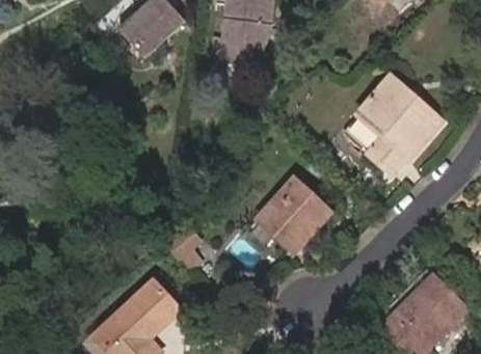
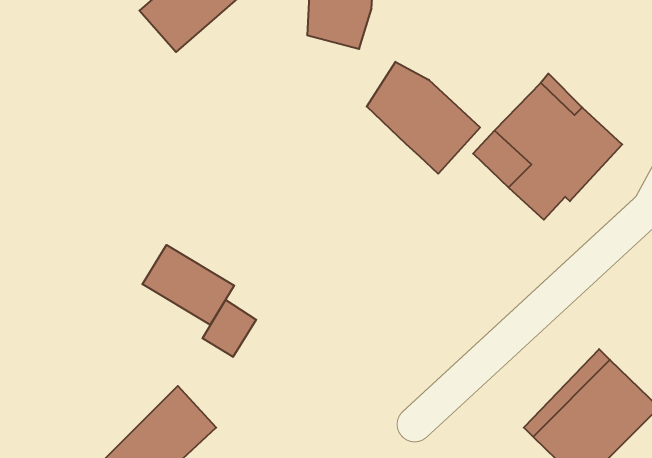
building: none -> [367,62,480,174]
building: [265,180,331,245] -> none
building: none -> [142,245,234,325]

